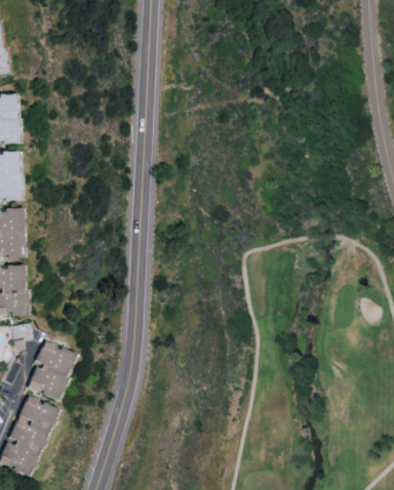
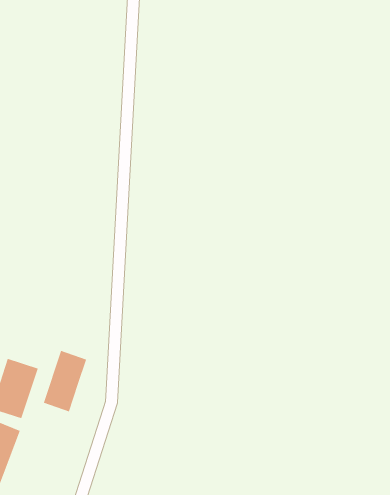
building: none -> [43,350,87,412]

